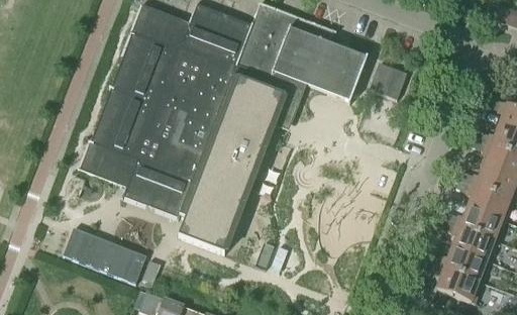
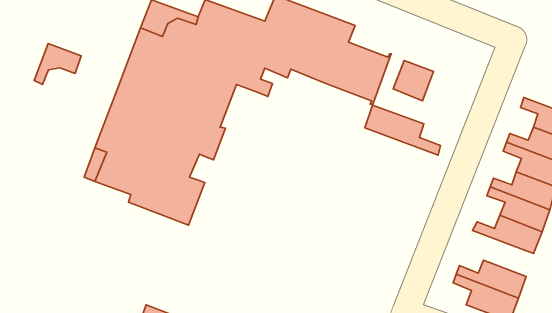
building: none -> [34,43,81,84]
building: [174,70,306,250] -> none
building: none -> [365,105,440,155]
building: [439,220,499,262] -> none
building: [64,223,146,278] -> none

